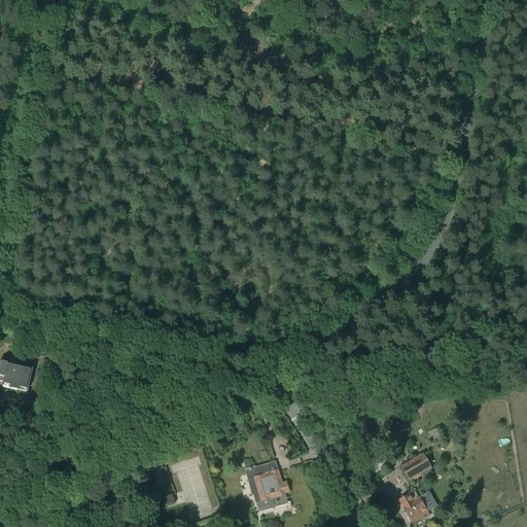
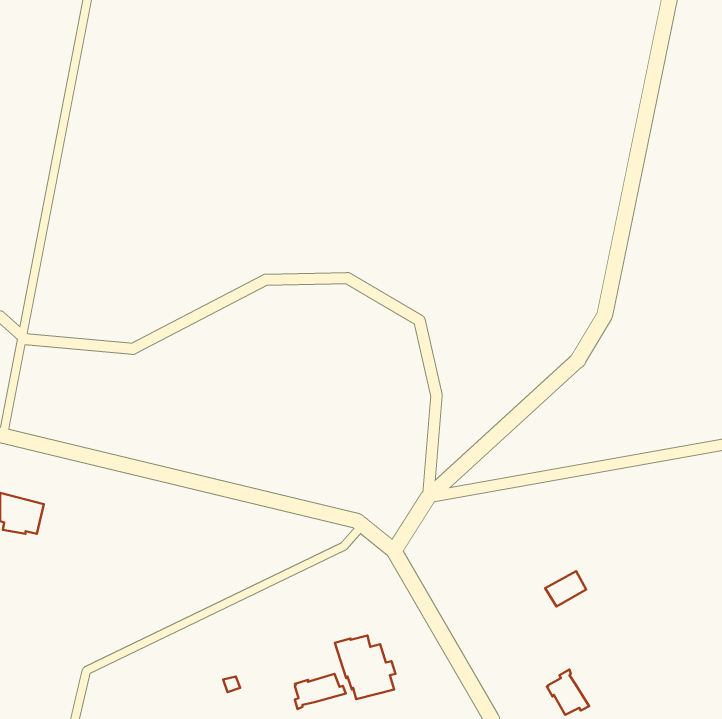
building: [400,453,430,479] -> [545,571,586,607]
building: none -> [295,674,346,709]

